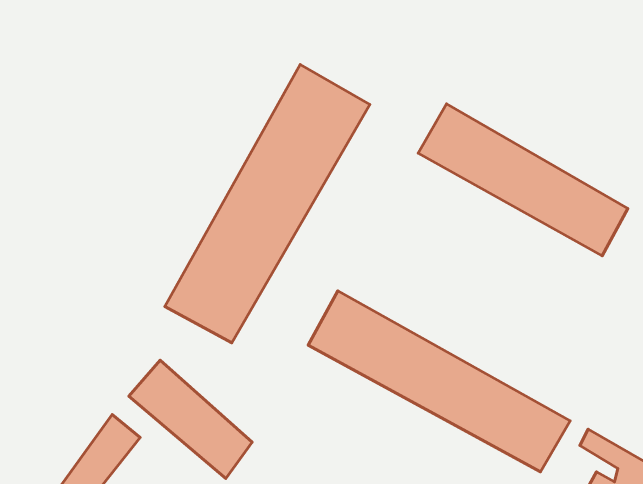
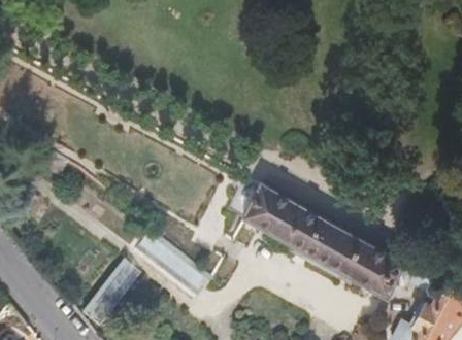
building: [165,65,370,343] -> none
building: [418,104,628,256] -> none

